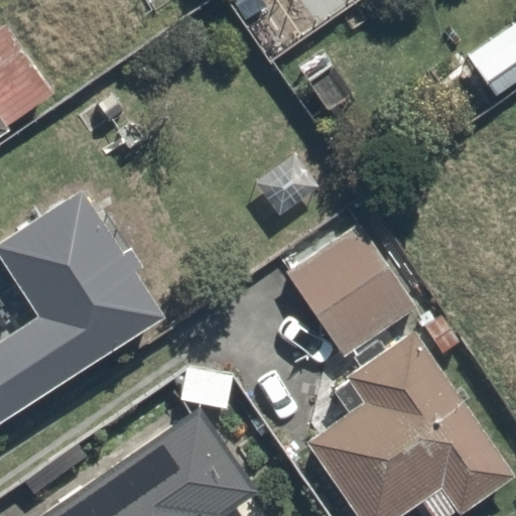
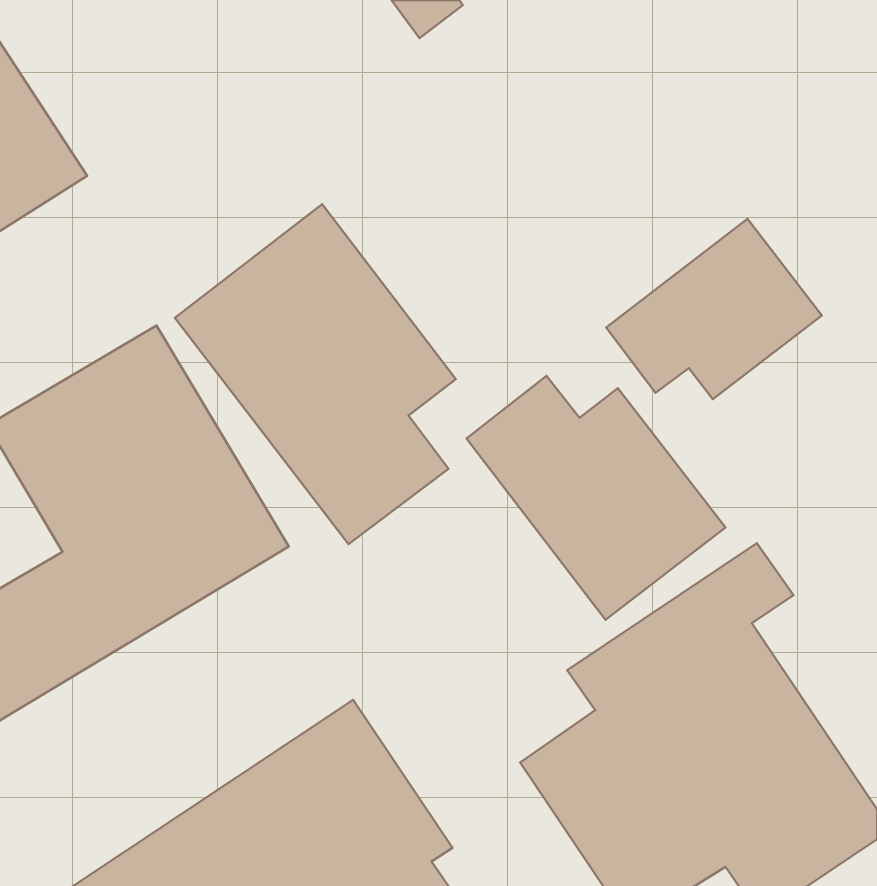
building: none -> [175,204,456,544]
building: none -> [606,219,822,399]

